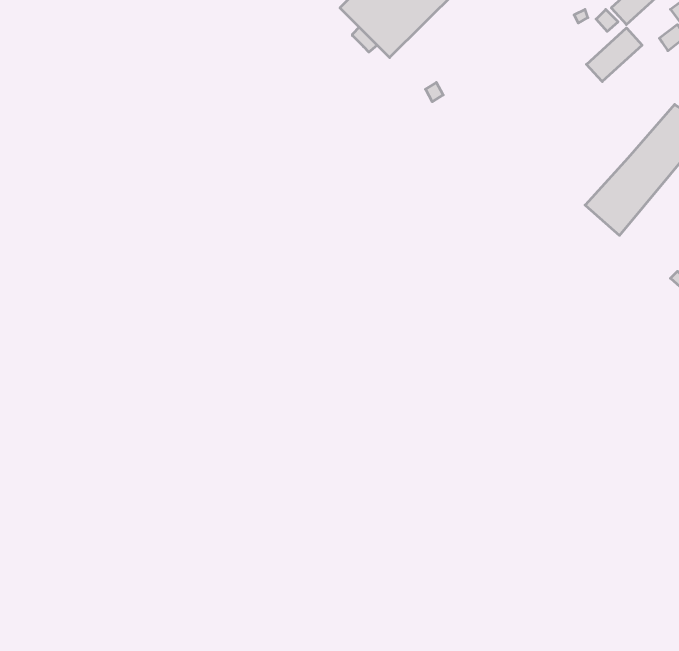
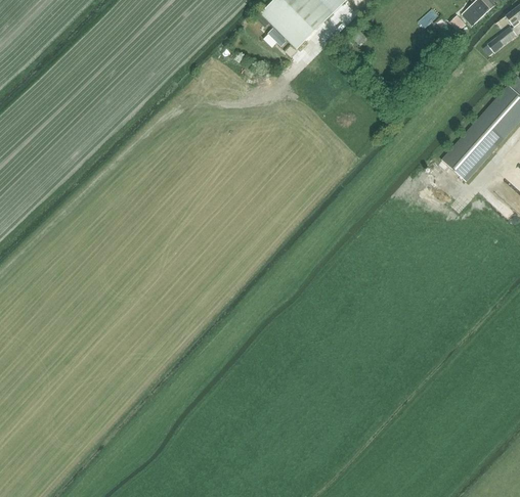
building: [586,28,642,82] -> none

